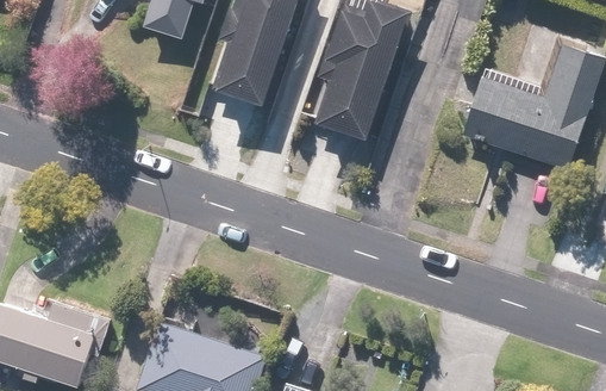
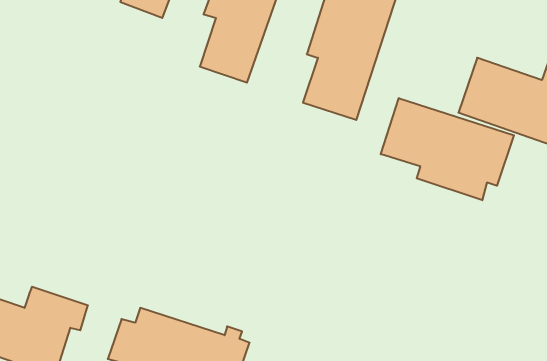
building: none -> [381,98,514,200]

